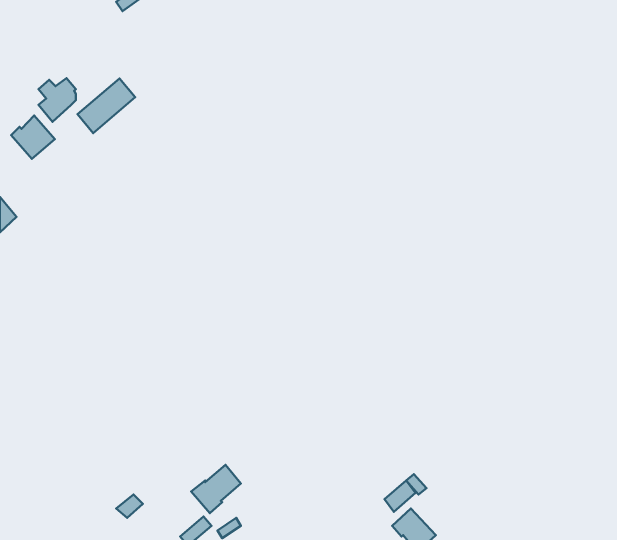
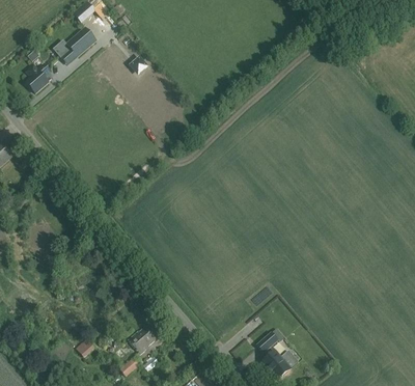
building: [77,78,135,133] -> [57,28,95,64]
building: [11,116,55,159] -> none

